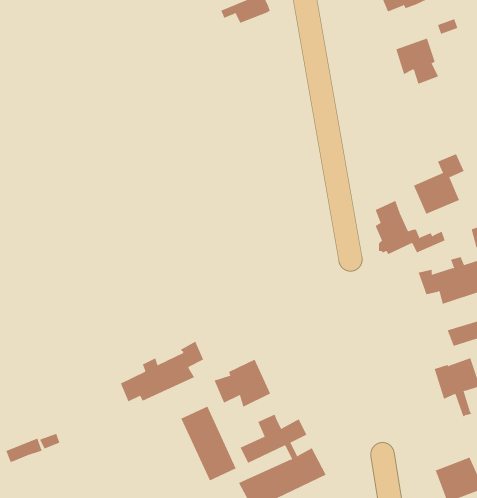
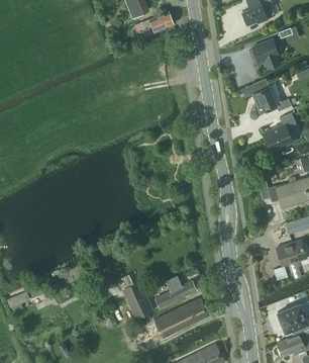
building: [375,200,445,255] -> [252,78,297,112]
building: [120,341,204,402] -> none
building: [214,359,271,408] -> none

